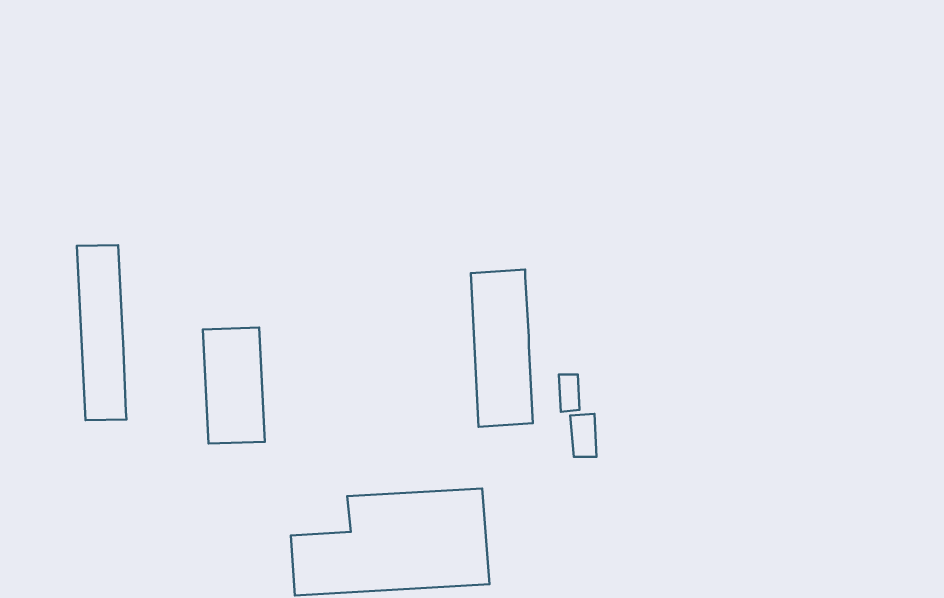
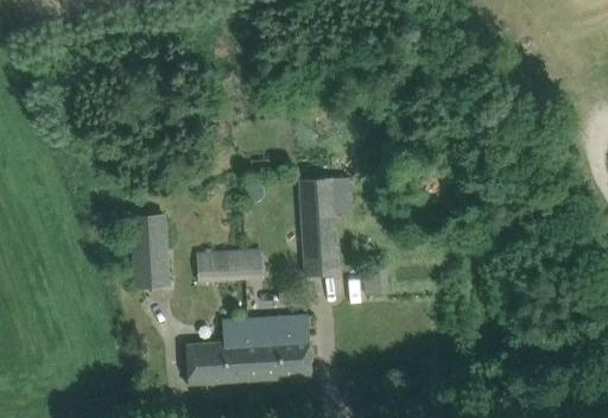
building: [77,245,127,420] -> none
building: none -> [215,249,246,280]

